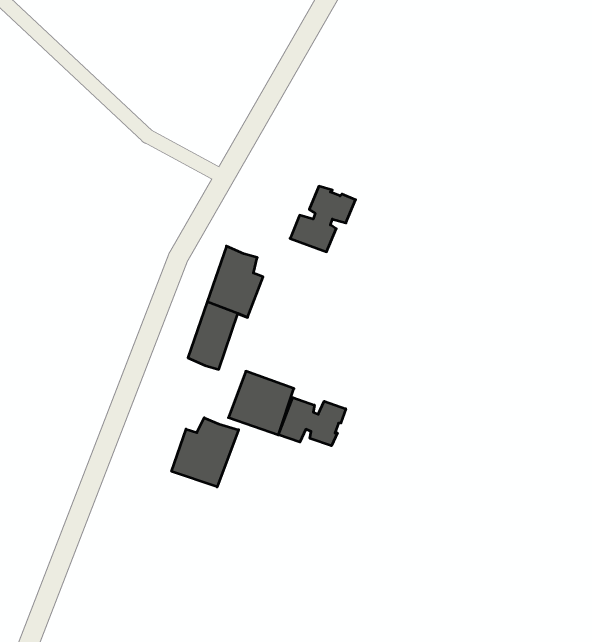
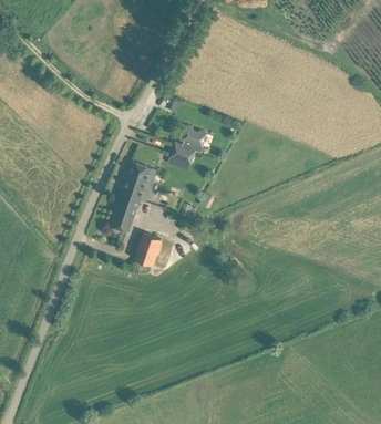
building: [279,398,346,446] -> none
building: [172,418,239,487] -> none

